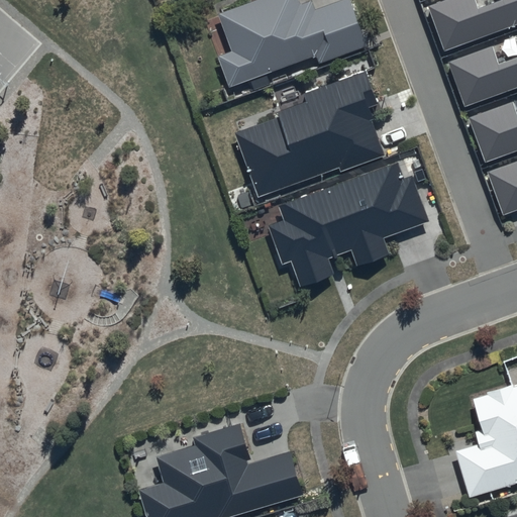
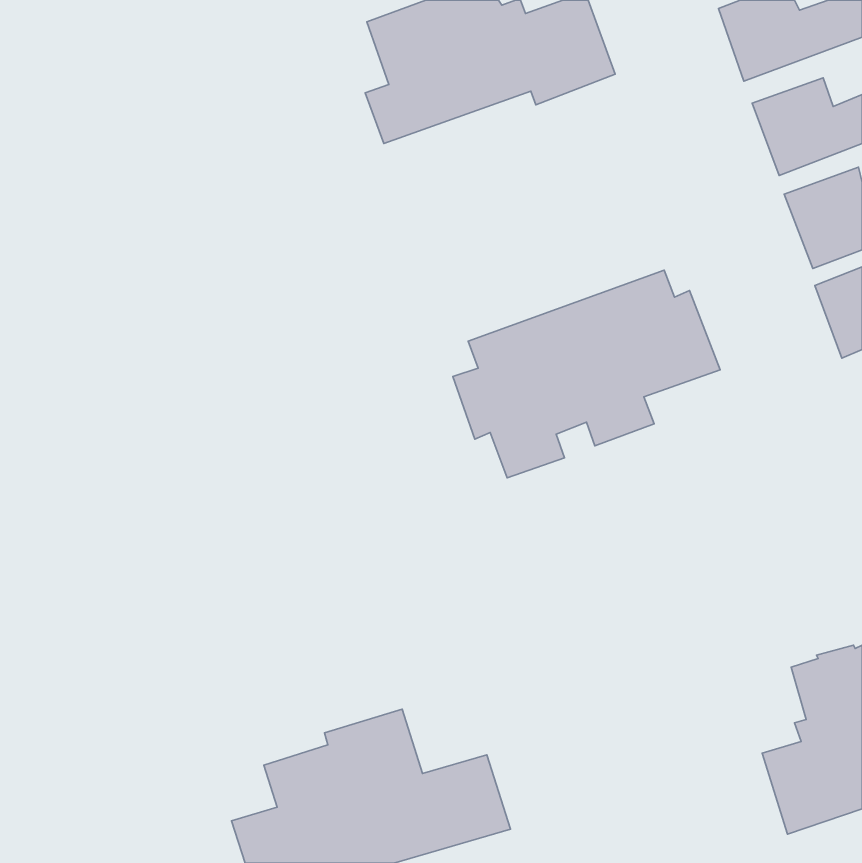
building: [235,71,387,195] -> none

